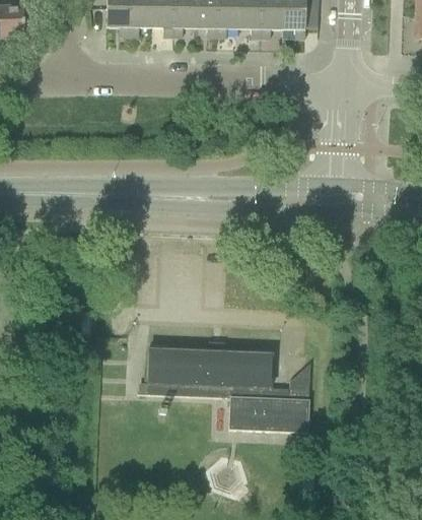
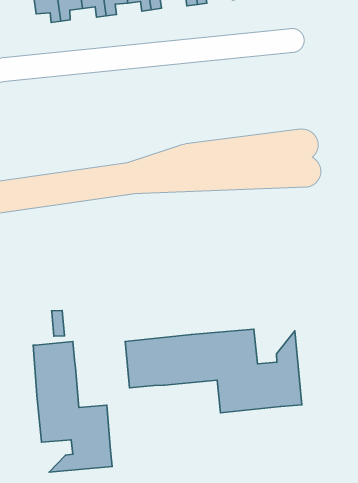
building: none -> [33,342,112,472]

